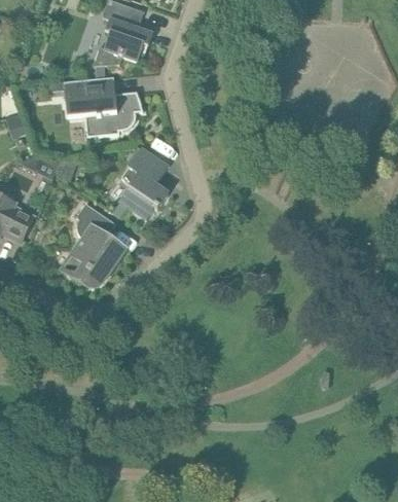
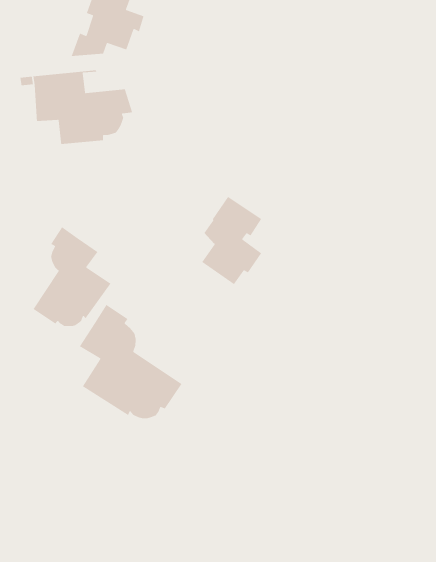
building: [119,147,169,219] -> [201,196,262,285]
building: none -> [79,304,182,419]

